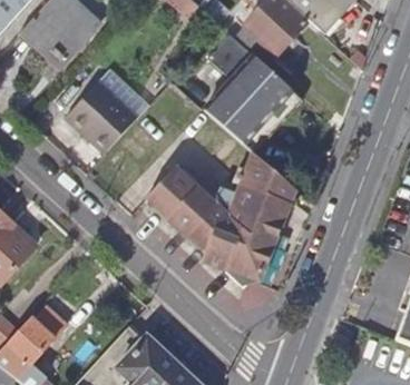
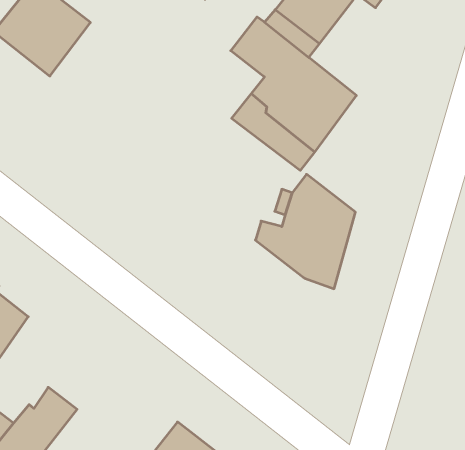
building: [68,82,137,150] -> none
building: [146,167,273,285] -> none

